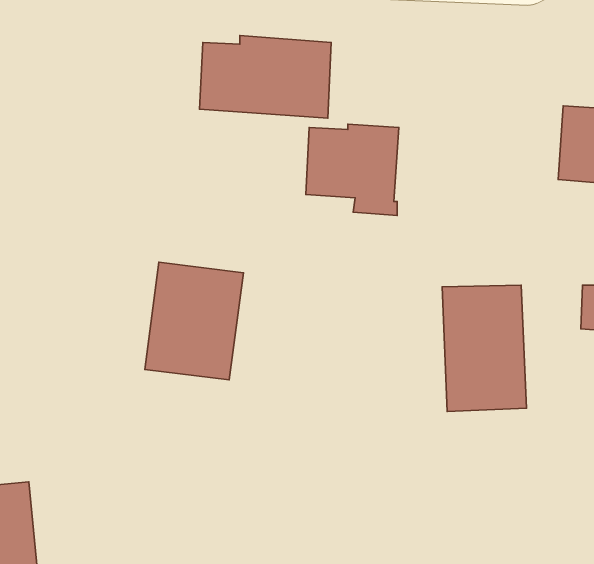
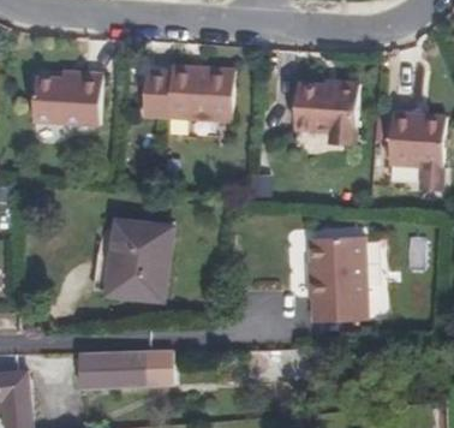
building: none -> [32,72,101,125]
building: [306,124,399,216] -> [294,81,358,143]
building: none -> [78,349,174,388]

